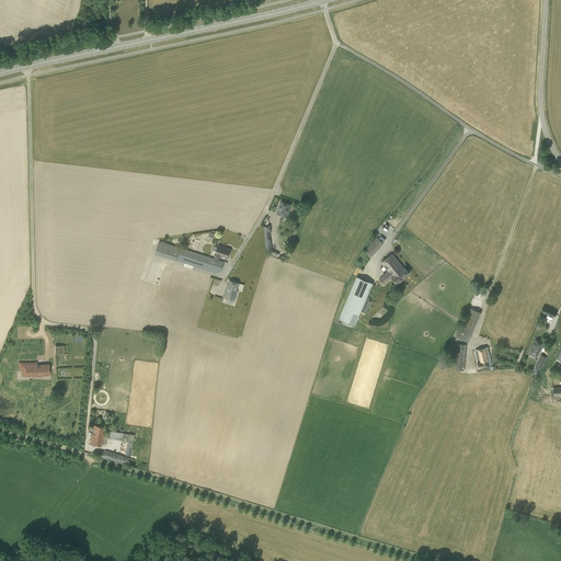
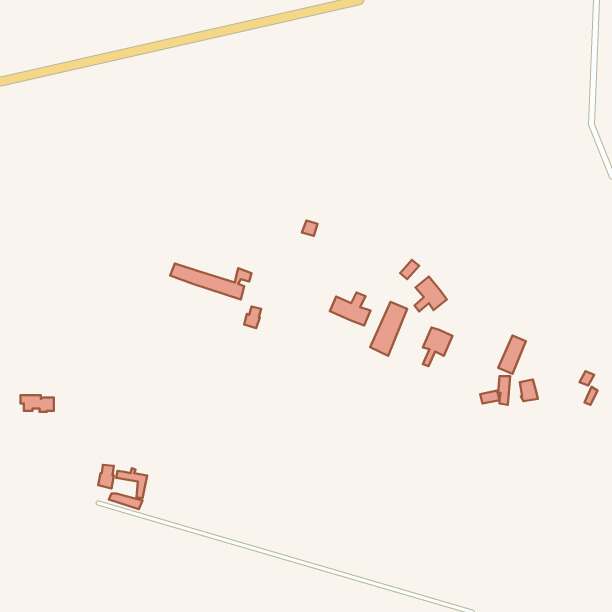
building: none -> [330,292,371,325]
building: none -> [423,328,453,366]

